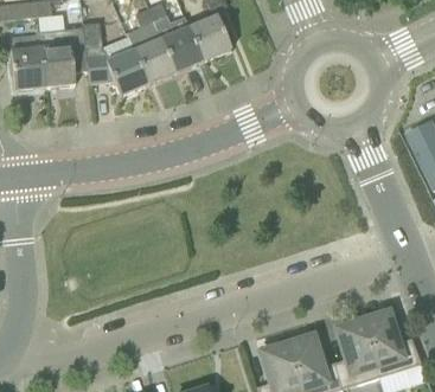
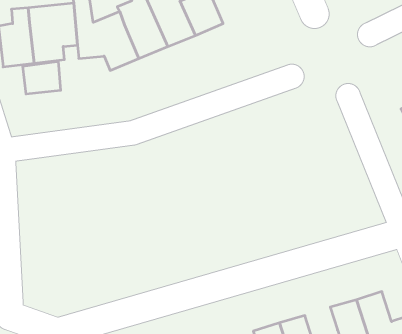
building: none -> [23,61,61,94]

